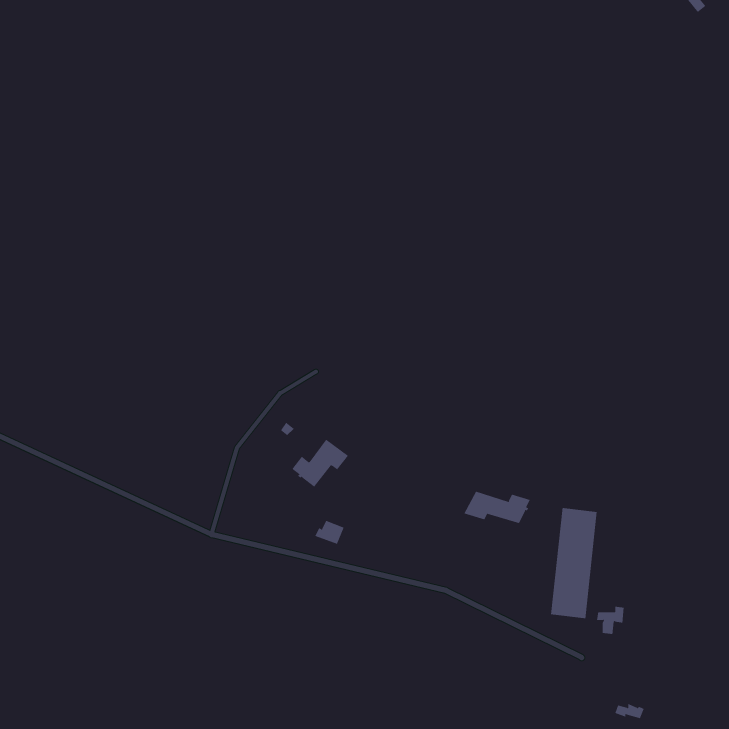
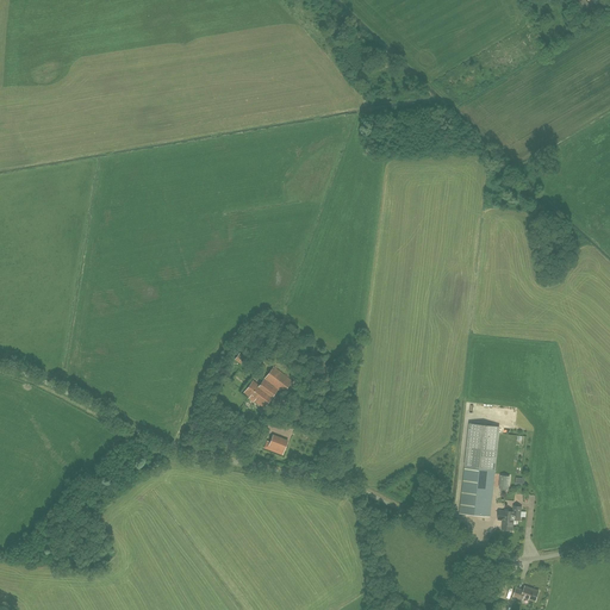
building: [463,491,530,524] -> none

